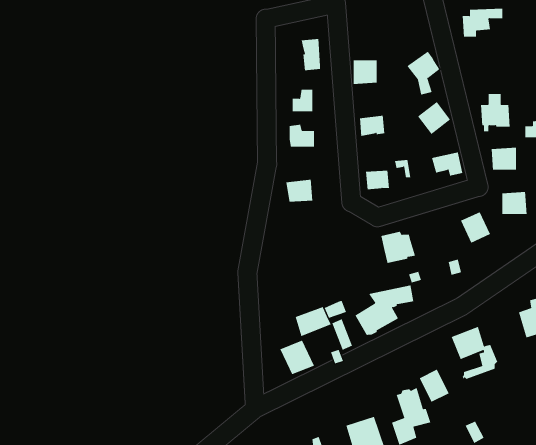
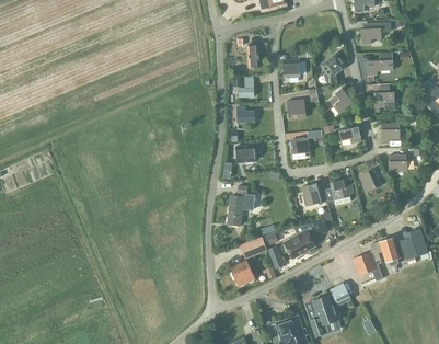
building: none -> [367,51,393,80]
building: none -> [324,179,354,202]
building: none -> [228,185,255,226]
building: none -> [370,237,400,265]

